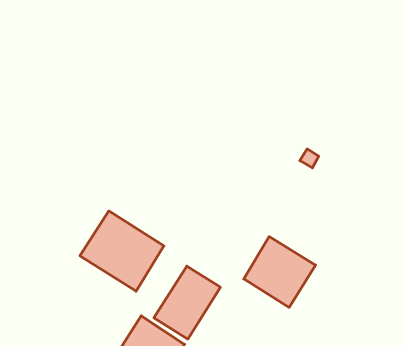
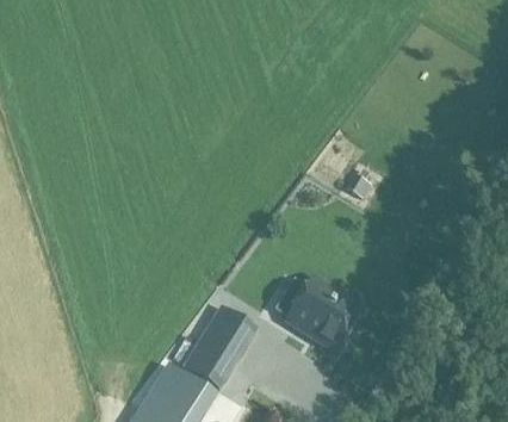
building: [80,211,164,291] -> none

